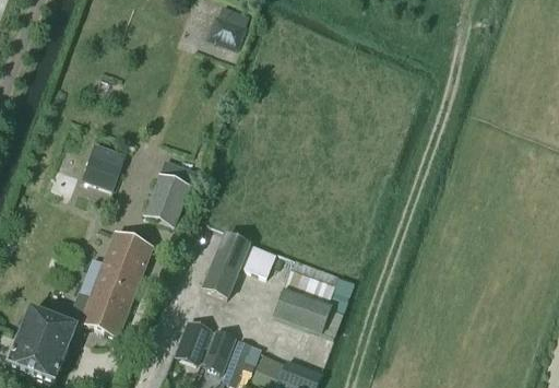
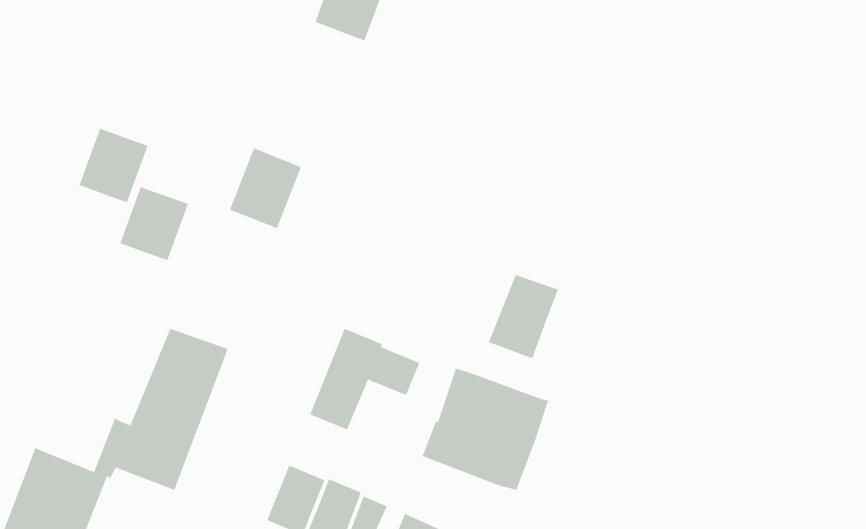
building: none -> [79,128,148,203]
building: [144,174,190,225] -> [229,148,302,229]
building: none -> [488,274,559,359]

